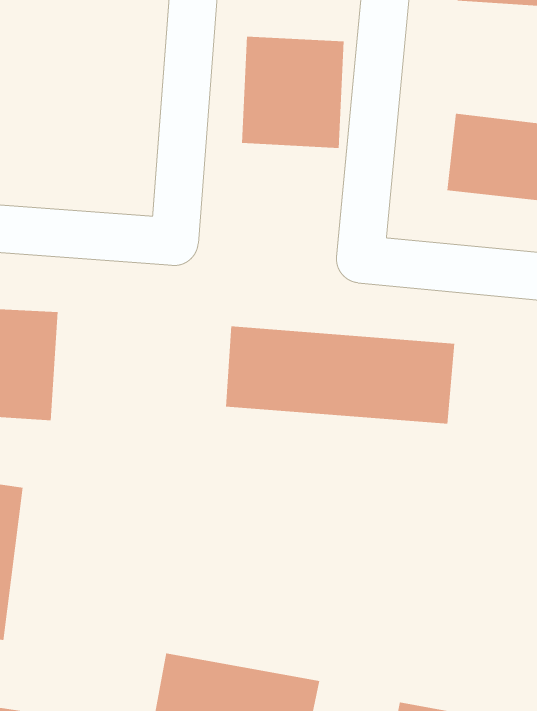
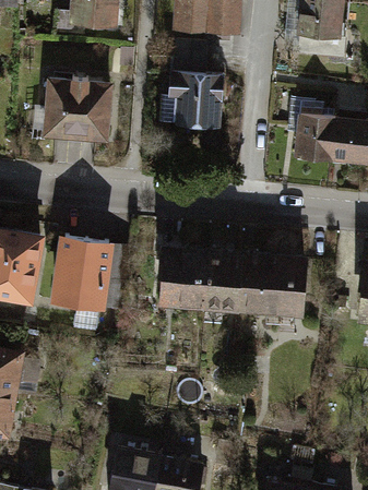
building: none -> [43,73,116,142]
building: none -> [54,239,112,310]

